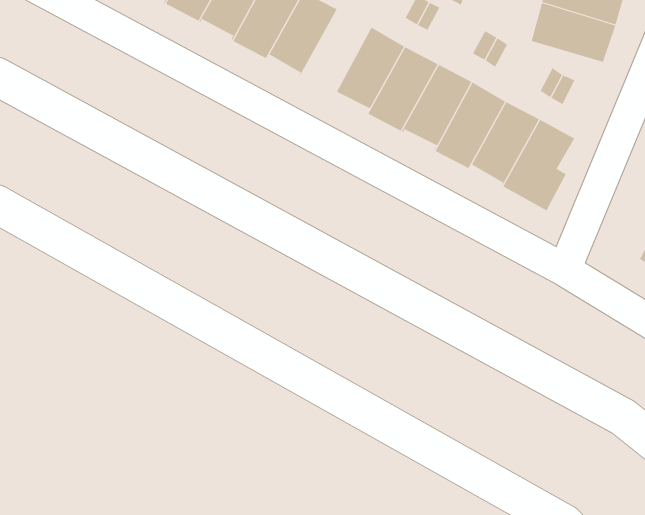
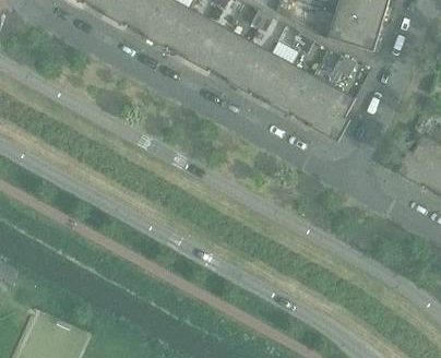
building: none -> [186,17,229,71]

